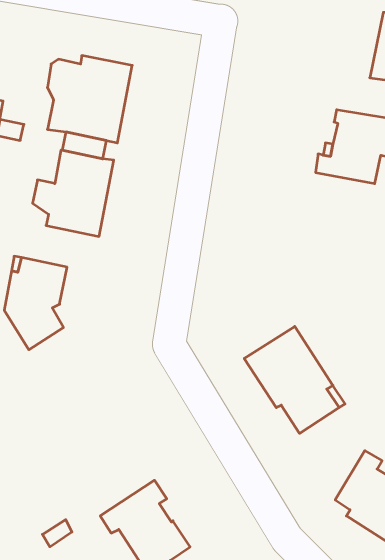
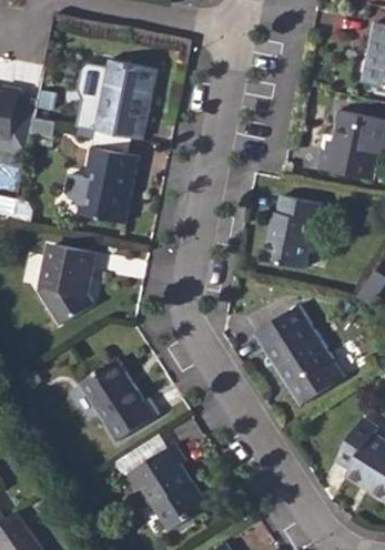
building: none -> [263,194,322,266]
building: none -> [79,359,156,442]

